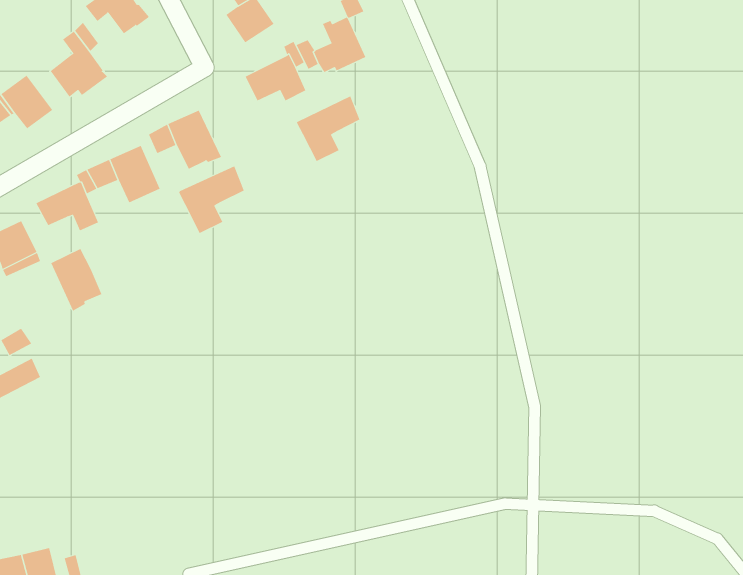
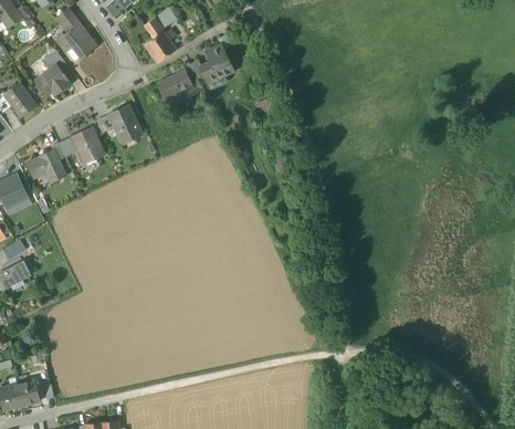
building: [296,96,360,162] -> none
building: [178,165,245,234] -> none
building: [51,248,102,312] -> none

